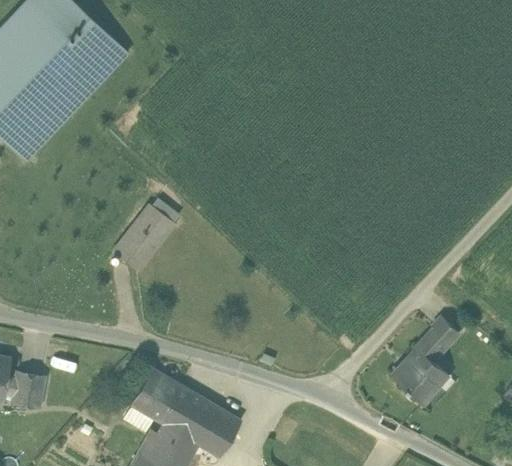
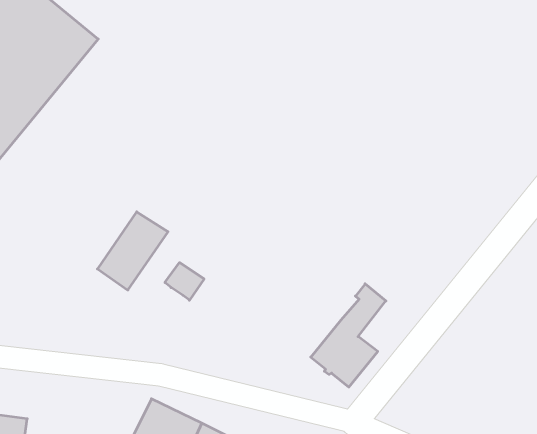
building: none -> [165,263,204,300]
building: [391,315,459,403] -> [311,284,386,387]

